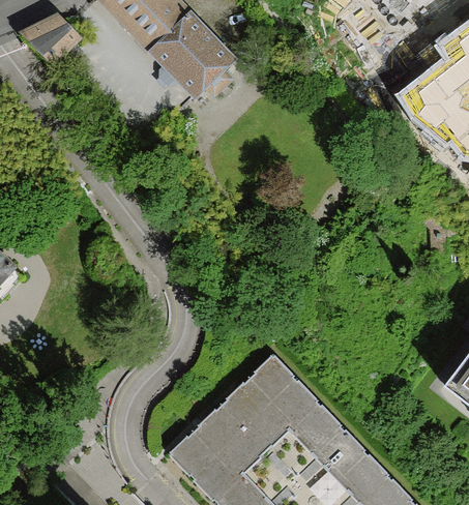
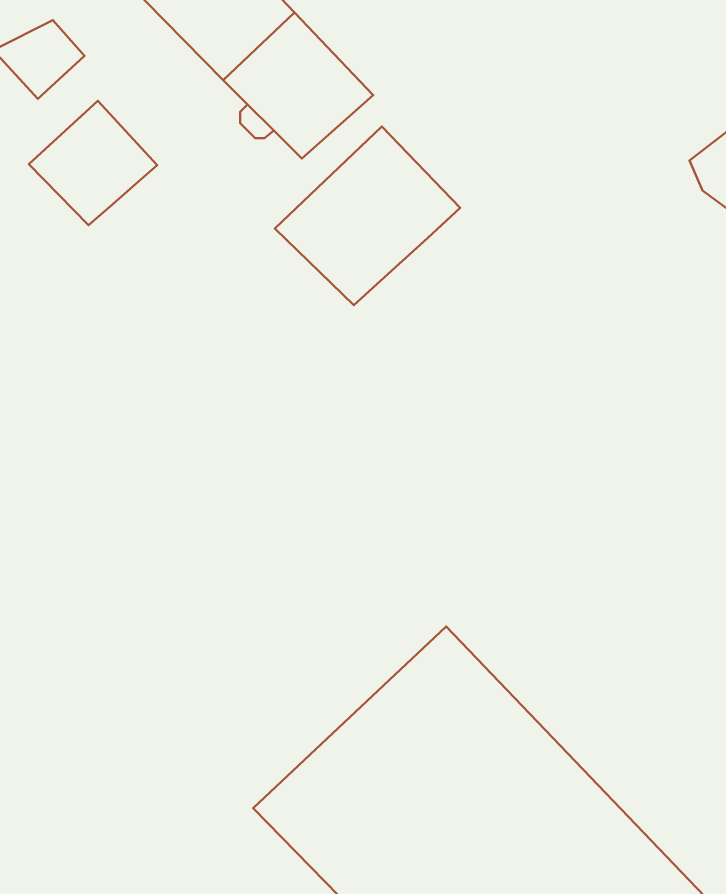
building: none -> [29,101,157,225]
building: none -> [275,126,460,305]

